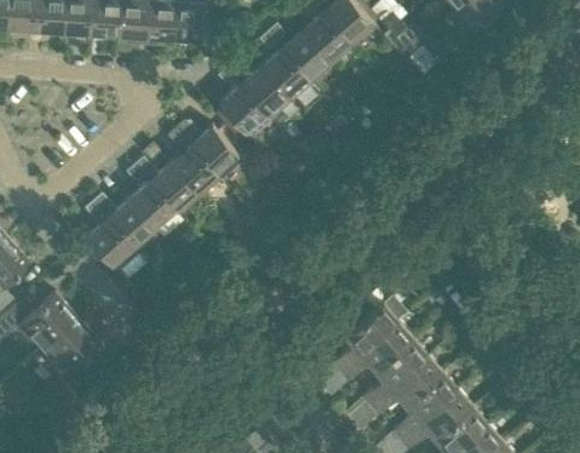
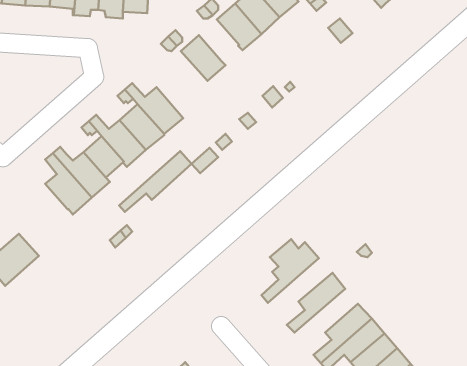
building: [260,48,306,96] -> none
building: [218,85,270,138] -> none
building: none -> [119,151,192,212]
building: [39,319,99,400] -> none
building: [339,321,413,380] -> none
building: [369,356,442,415] -> none

